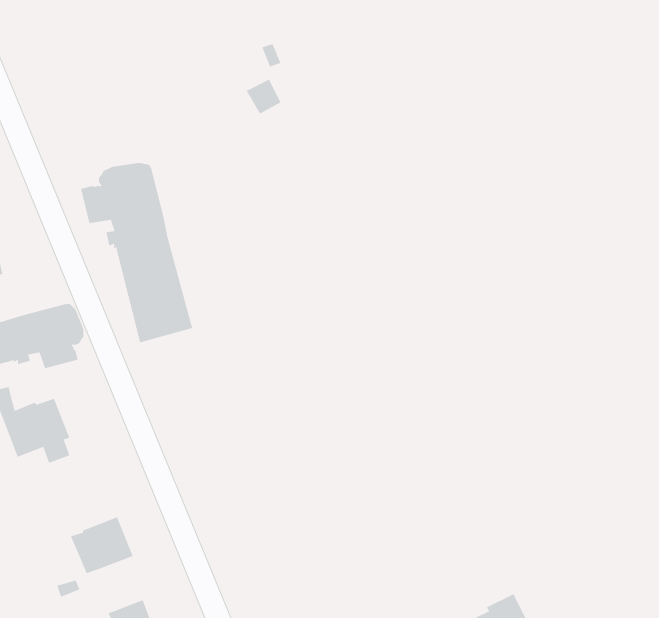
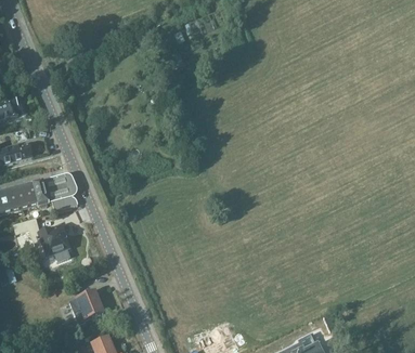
building: [79,162,193,343] -> none

